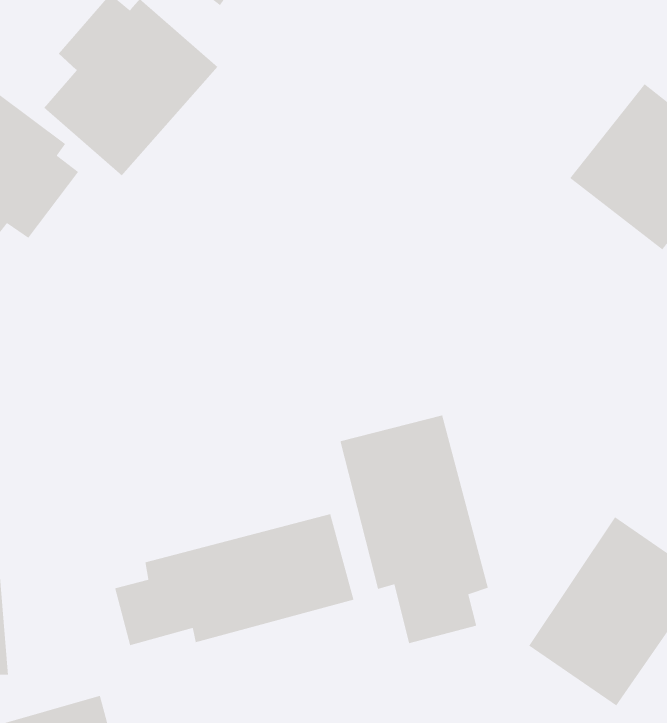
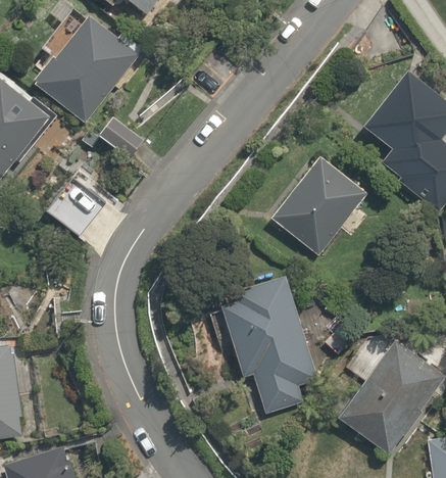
building: none -> [267,156,370,261]
building: [114,513,354,646] -> none

